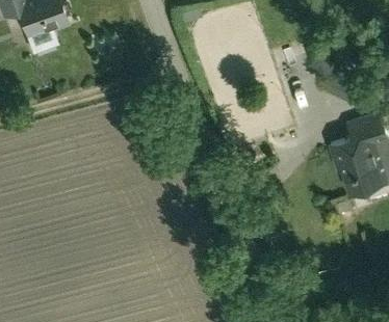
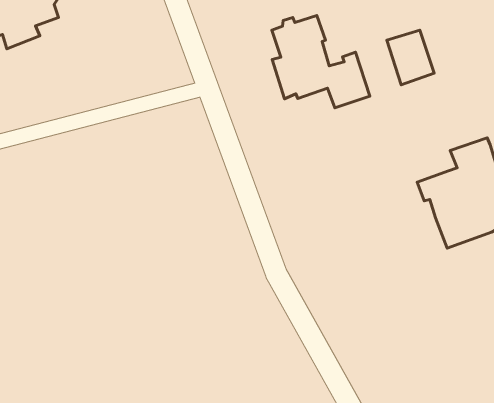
building: none -> [272,15,370,108]

